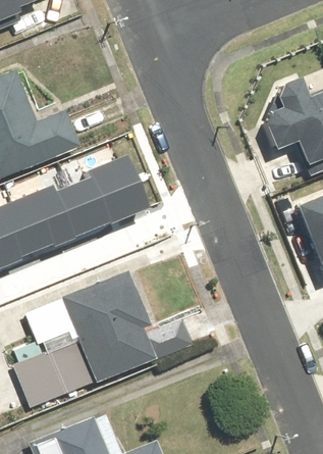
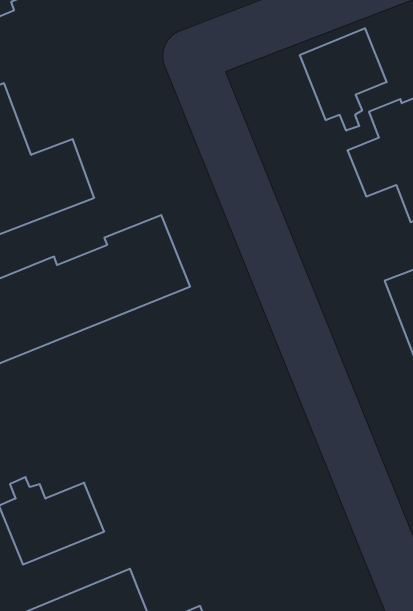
building: none -> [300,28,387,131]
building: [26,271,156,381] -> none

